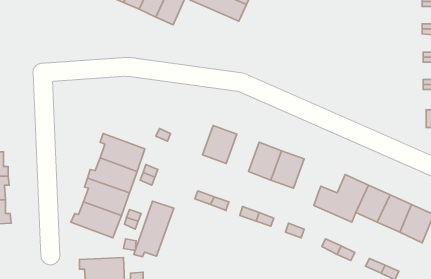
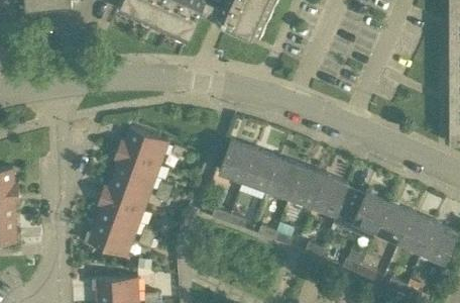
building: none -> [115,129,167,167]
building: none -> [242,152,276,190]
building: none -> [312,177,347,216]
building: [134,201,174,257] -> none

